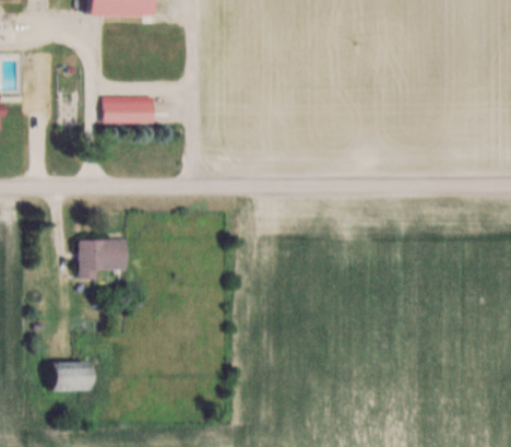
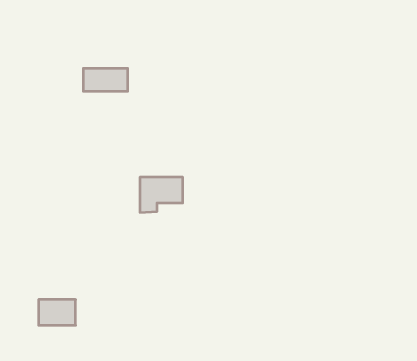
building: [78,239,127,280] -> [140,177,183,212]

